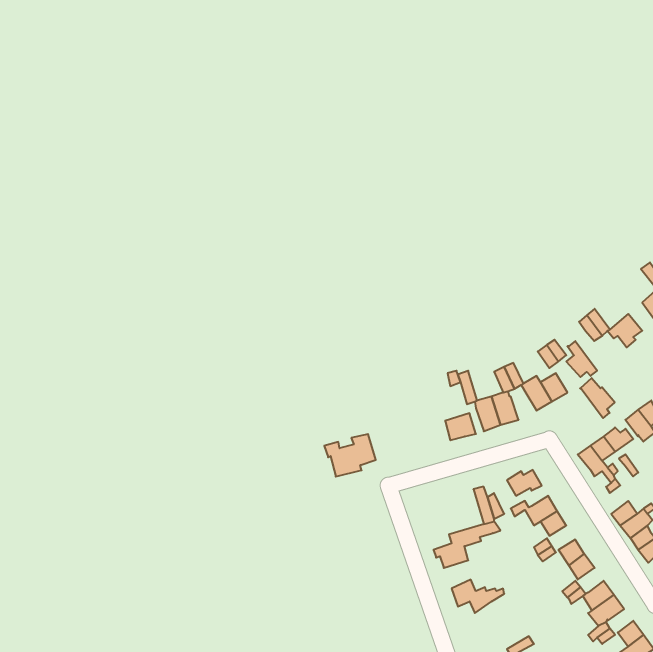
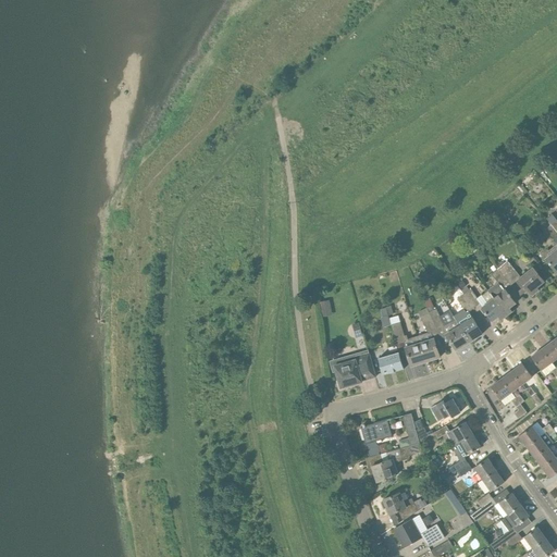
building: [580,378,615,418] -> [487,281,517,314]
building: [324,434,376,477] -> [331,350,374,386]
building: none -> [361,419,392,443]
building: none -> [395,519,447,547]

